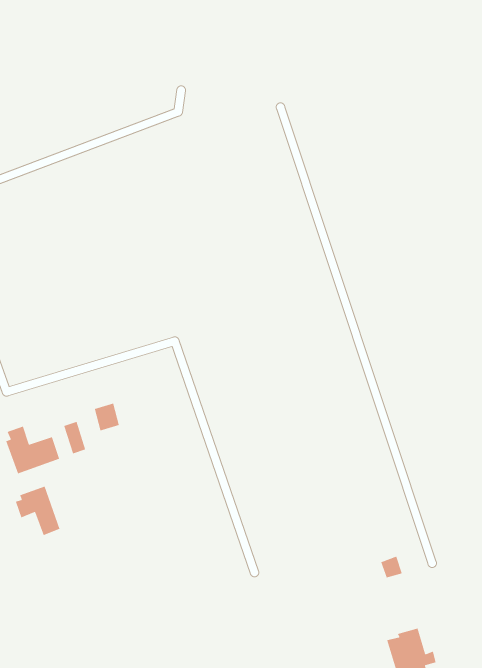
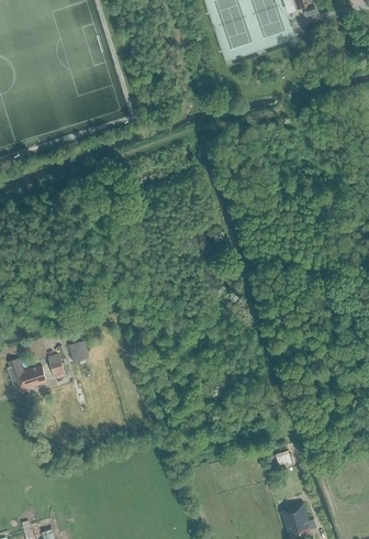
building: [15,486,61,536] -> none

